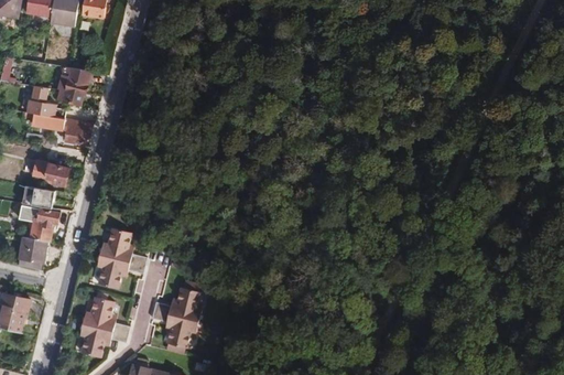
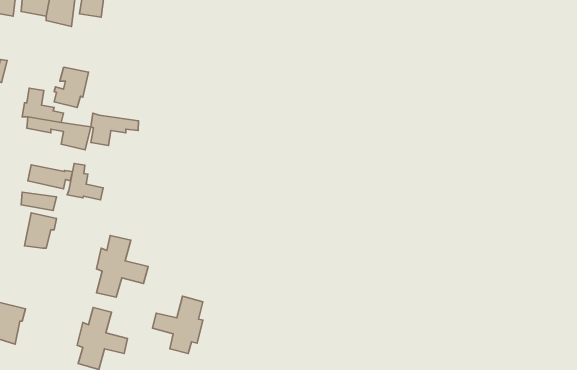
building: none -> [91,113,139,145]
building: none -> [67,164,103,200]
building: [18,237,46,270] -> none

